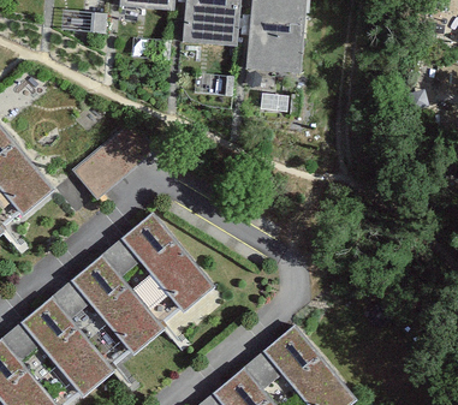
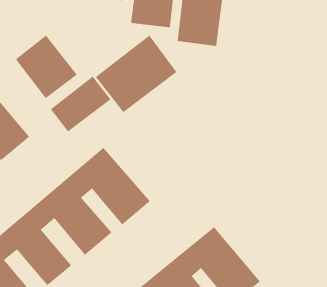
building: none -> [15,34,78,99]
building: none -> [95,35,178,113]

